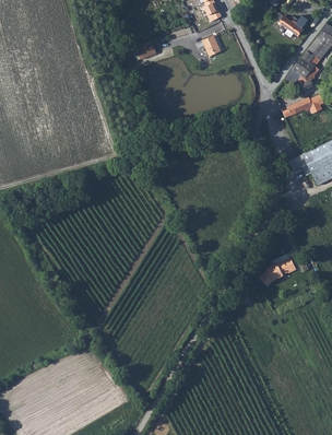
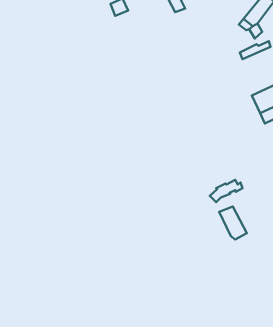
building: none -> [219,207,247,239]

